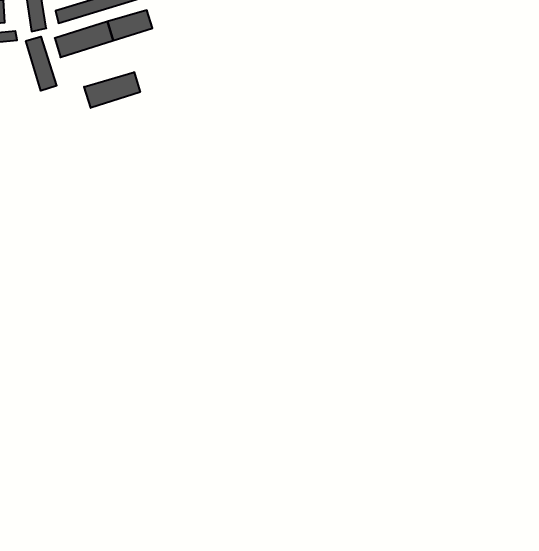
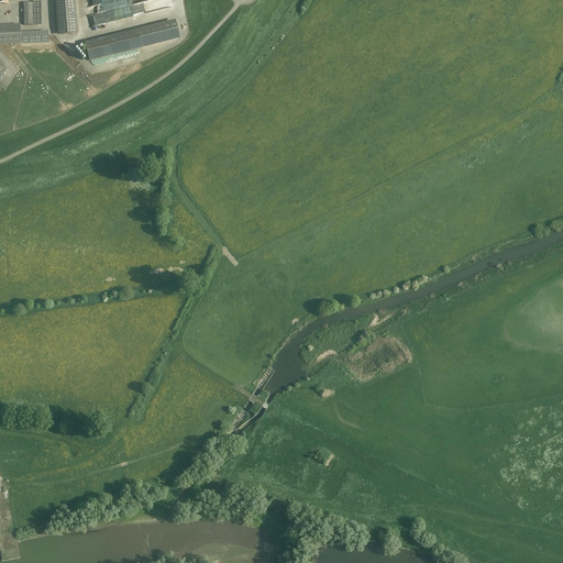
building: [26,37,57,91] -> none
building: [84,72,140,108] -> none

